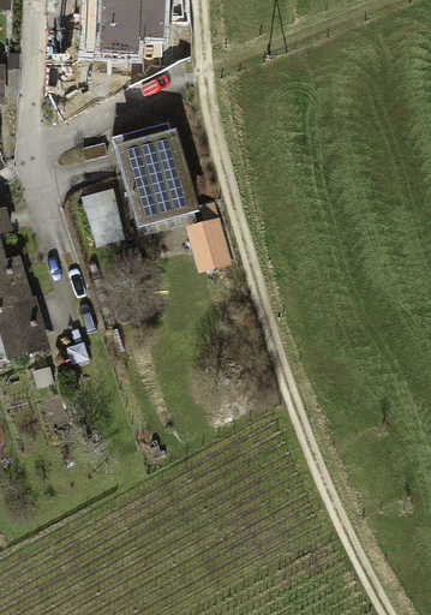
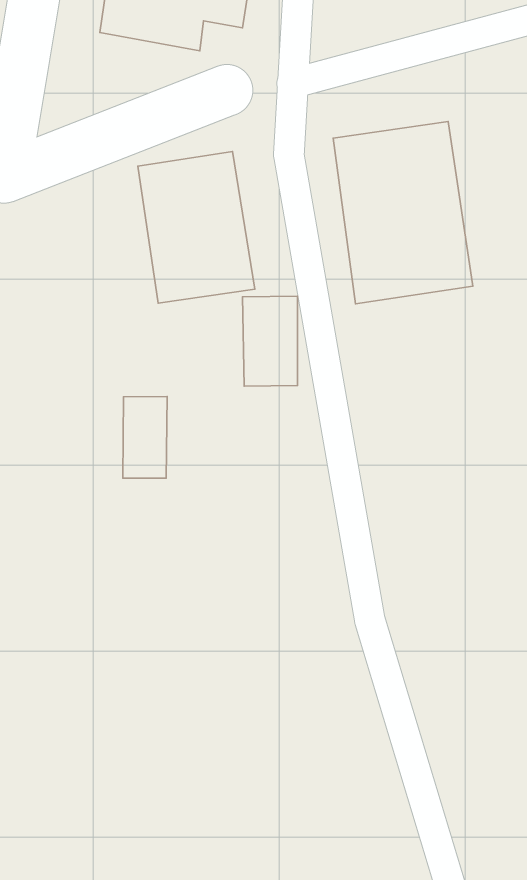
building: none -> [333,122,473,304]
building: [90,186,124,241] -> [123,397,167,478]

